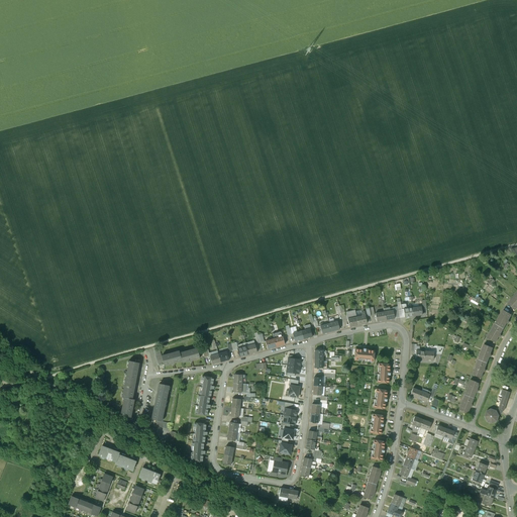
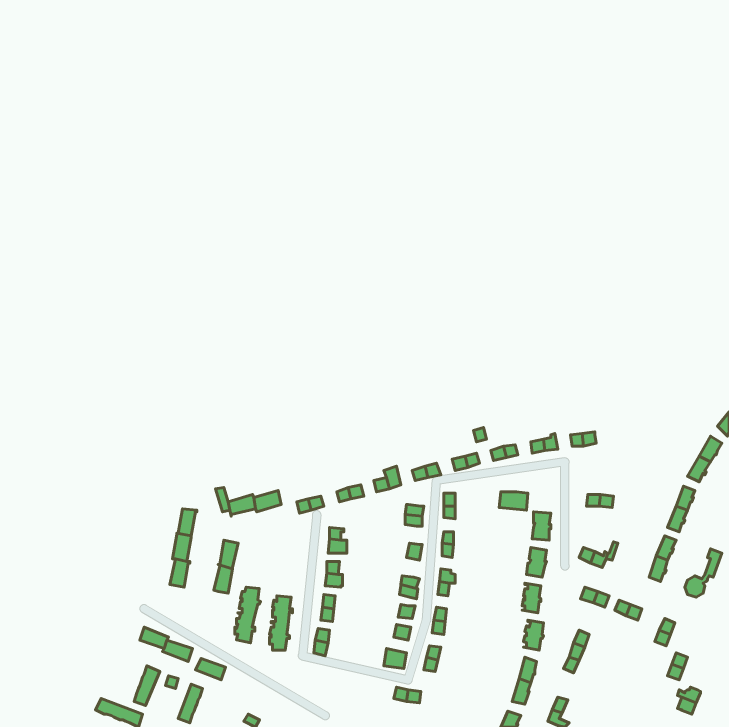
building: [196,376,214,415] -> [235,587,261,643]

